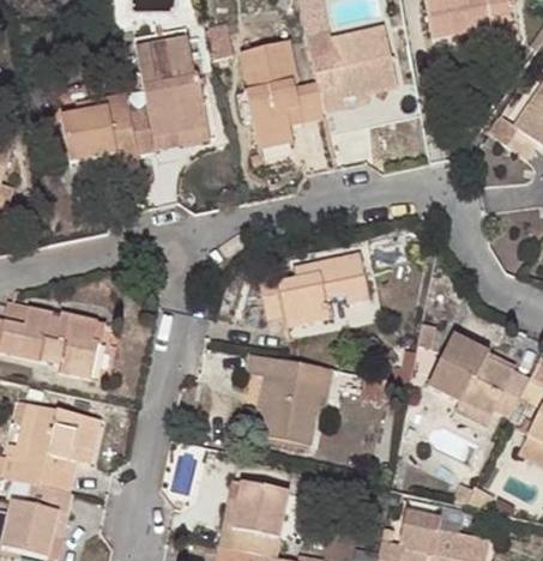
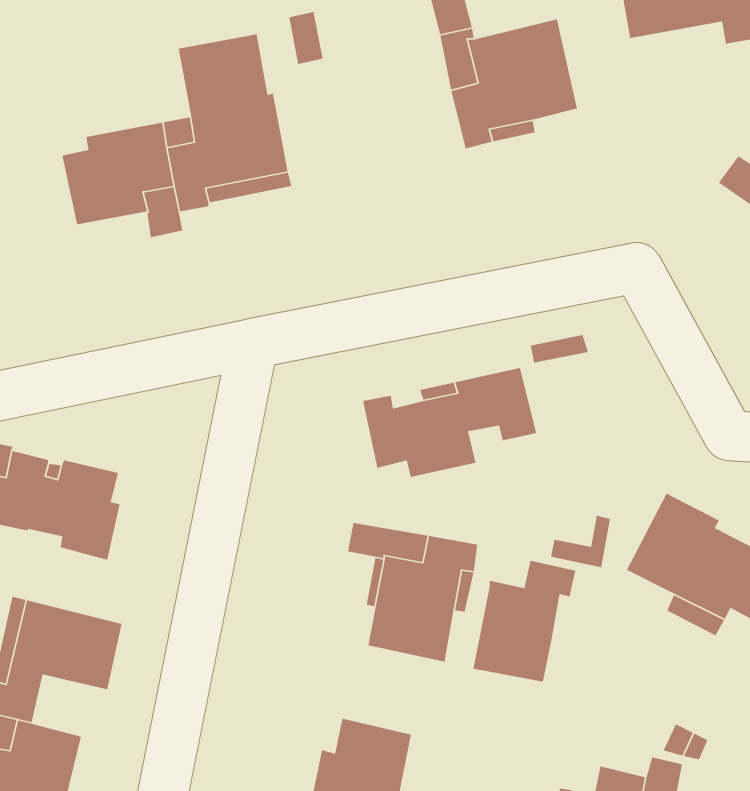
building: [240,42,324,149] -> none
building: none -> [472,560,576,683]

